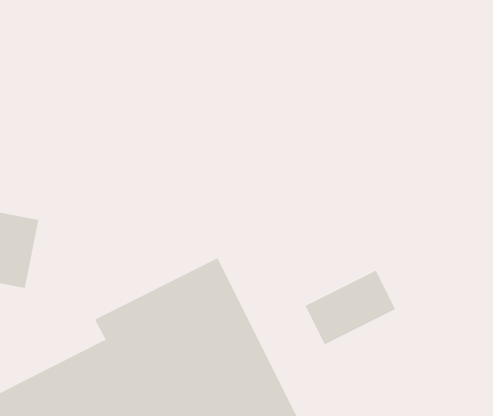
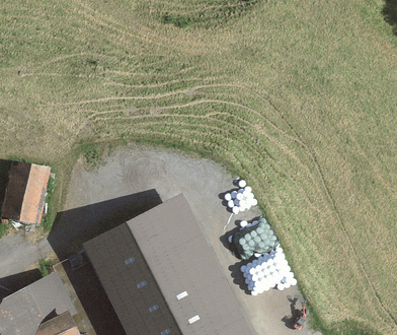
building: [305,270,396,345] -> none

